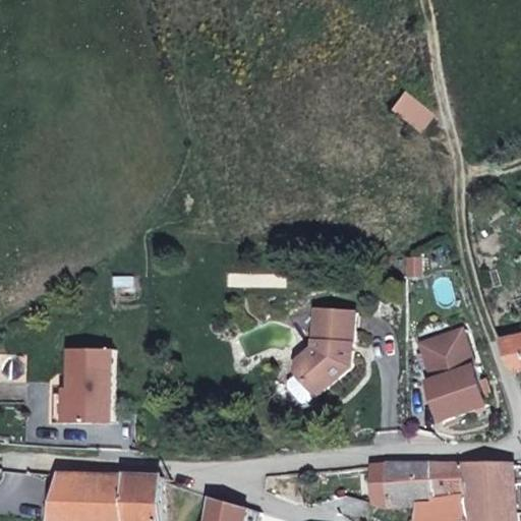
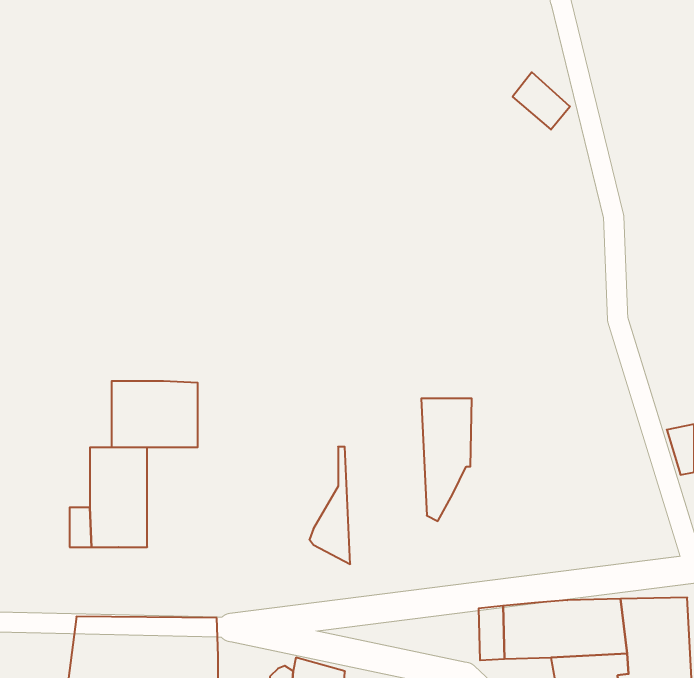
building: none -> [112,381,198,447]
building: [288,311,319,399] -> [309,447,350,564]
building: [415,319,481,412] -> none

